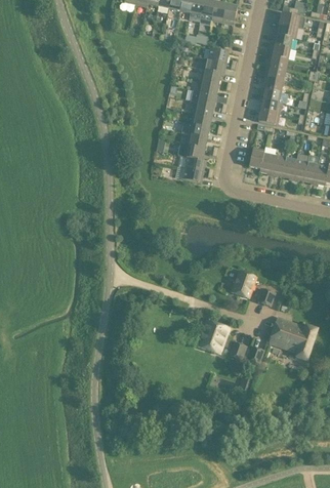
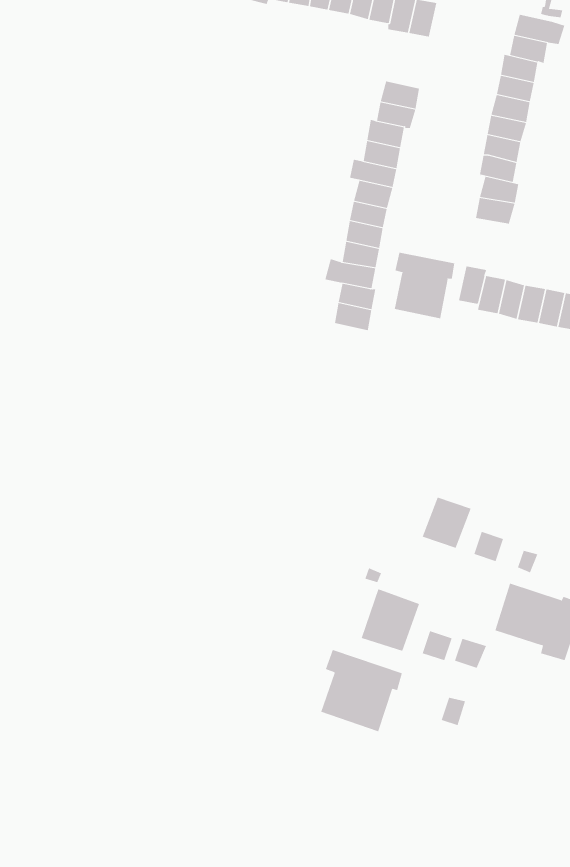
building: none -> [394,252,455,319]
building: none -> [321,649,403,732]

